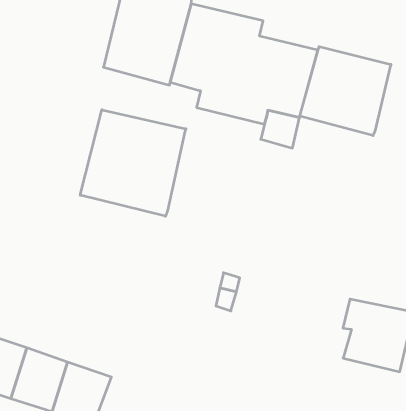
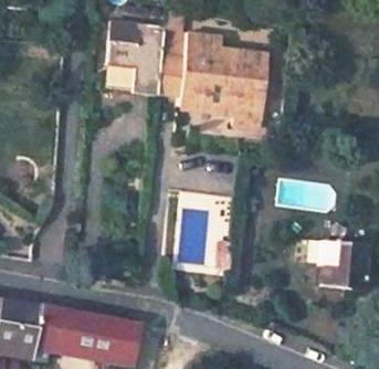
building: [300,47,391,136] -> none
building: [80,110,186,216] -> none

